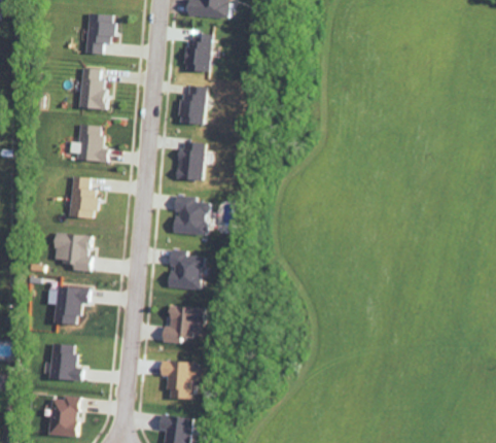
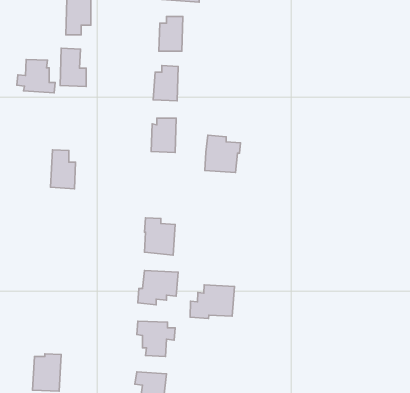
building: [68,125,109,161] -> [17,59,55,93]
building: [173,195,211,235] -> [205,135,240,172]
building: [54,233,92,270] -> none
building: [55,286,90,323] -> none
building: none -> [190,285,235,318]
building: [49,343,82,379] -> none

